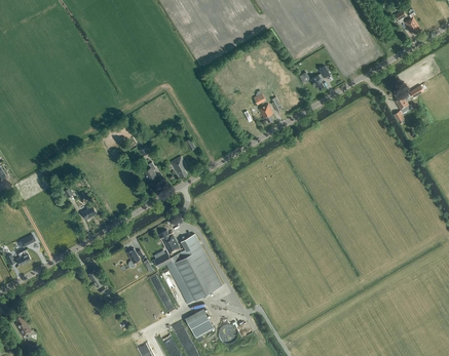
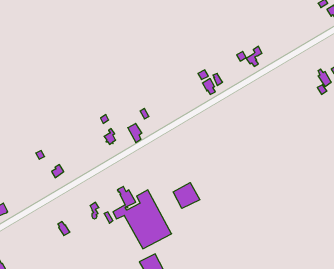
building: none -> [173,183,200,208]

